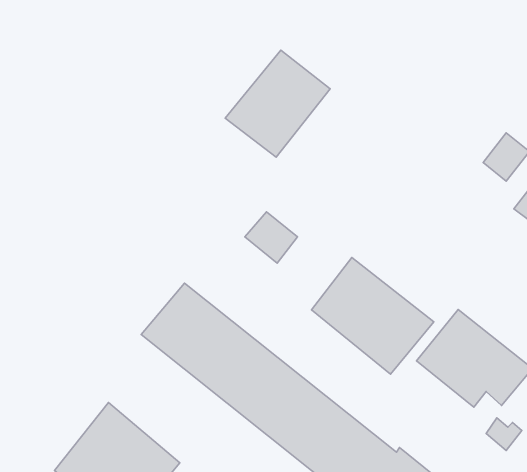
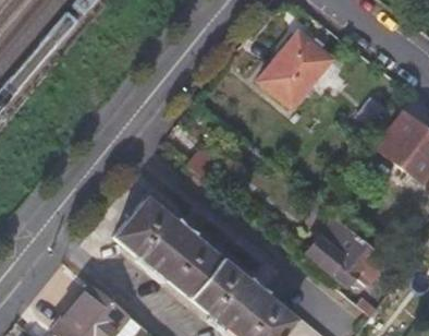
building: [225,50,330,157] -> [257,33,331,108]
building: [312,258,434,374] -> none

